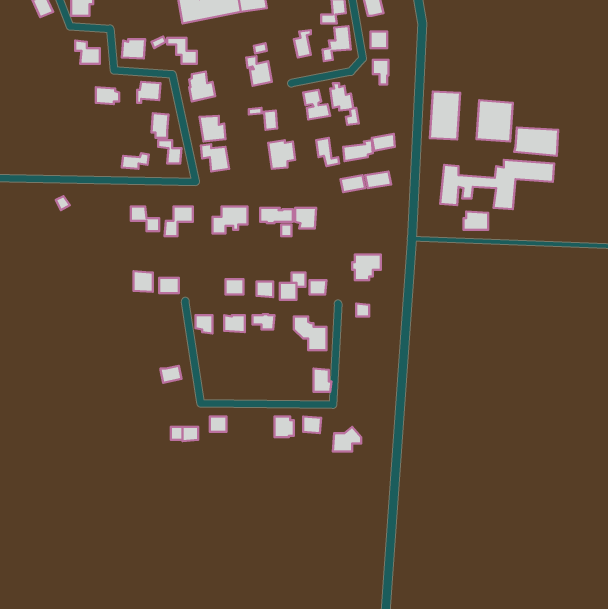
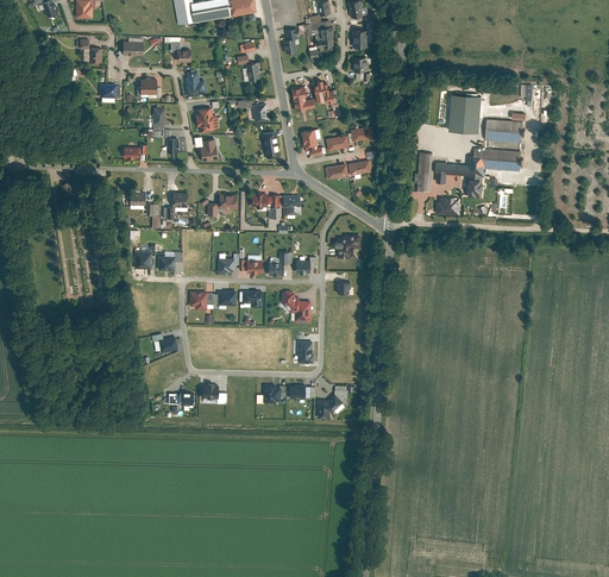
building: [430,92,460,140] -> none

